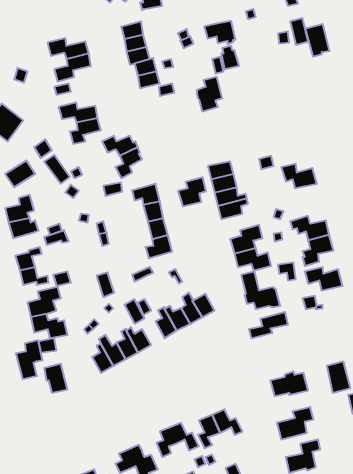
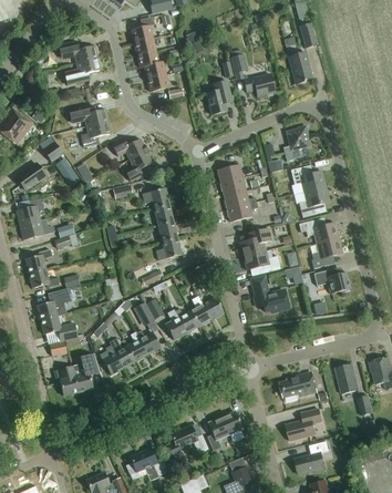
building: [204,21,235,44] -> [244,73,275,96]
building: [305,24,330,57] -> [288,51,312,83]
building: none -> [282,125,309,161]
building: [178,177,206,206] -> none
building: none -> [299,186,329,217]
building: [249,312,288,338] -> none
building: [16,340,43,379] -> [71,352,97,391]

